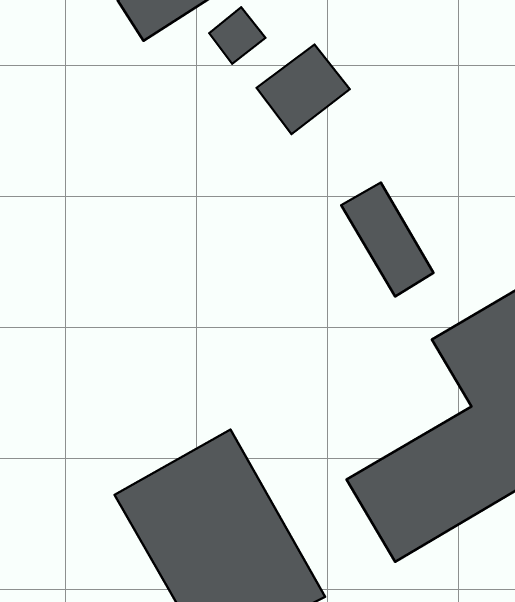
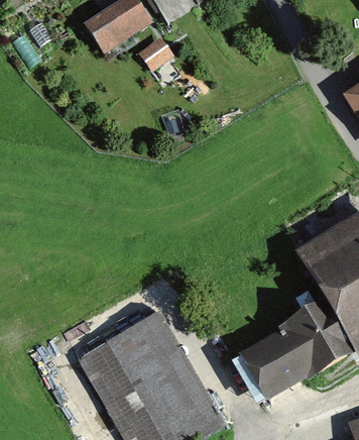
building: [257,44,350,134] -> none
building: [341,183,434,296] -> none

